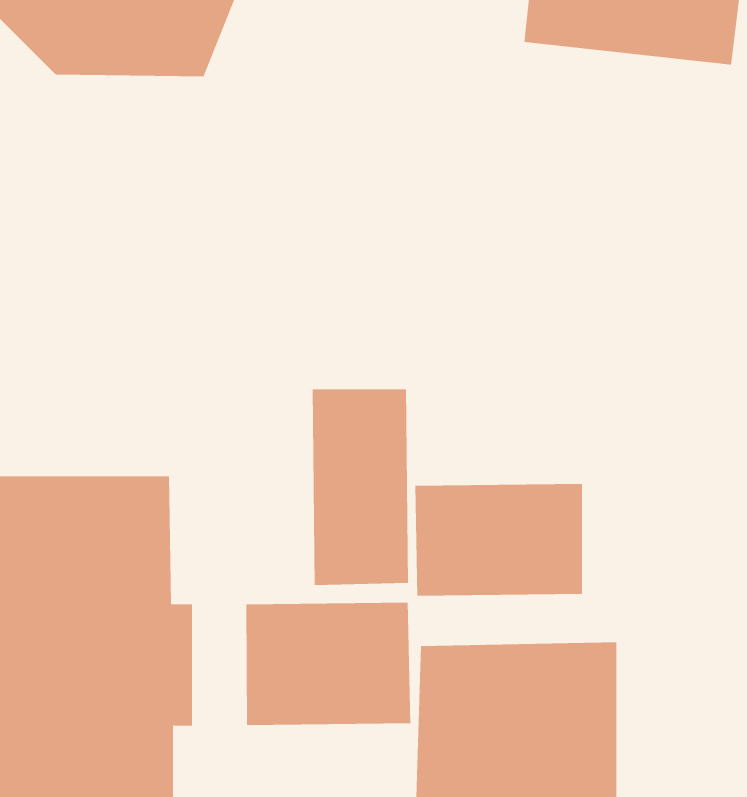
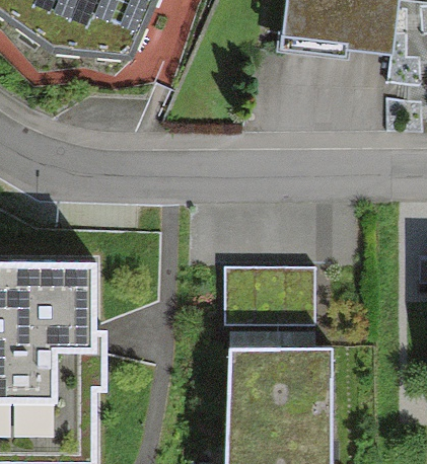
building: [312,388,409,586] -> none
building: [246,602,411,726] -> none

